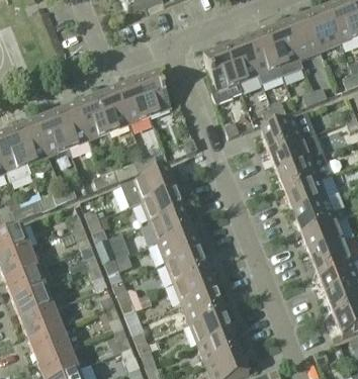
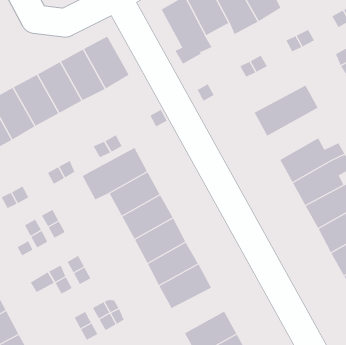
building: [261,112,315,151] -> none
building: [277,154,331,192] -> none
building: [181,290,225,324] -> none

